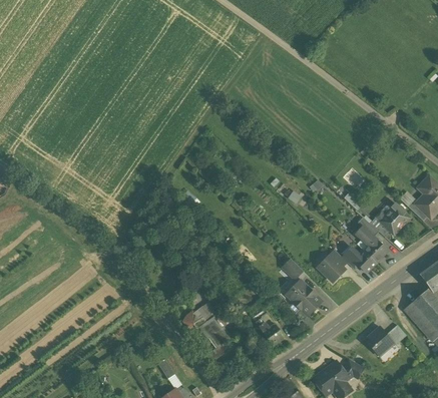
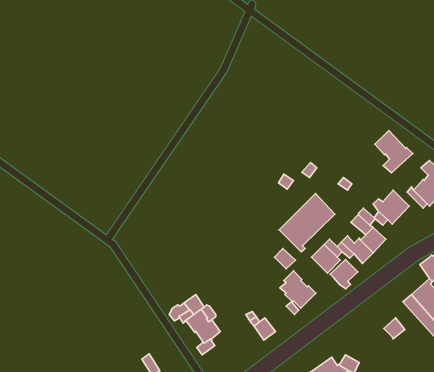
building: none -> [375,131,413,173]
building: none -> [279,193,335,252]
building: none -> [330,259,358,289]
building: [365,326,394,355] -> none

